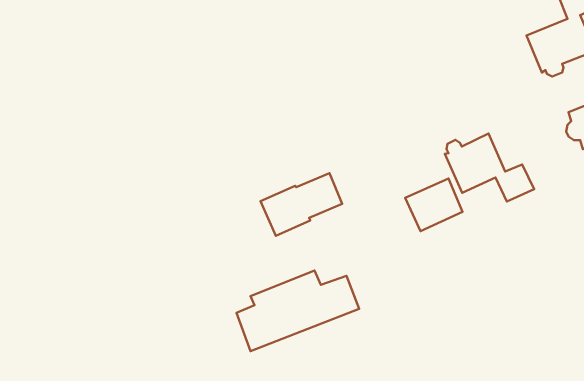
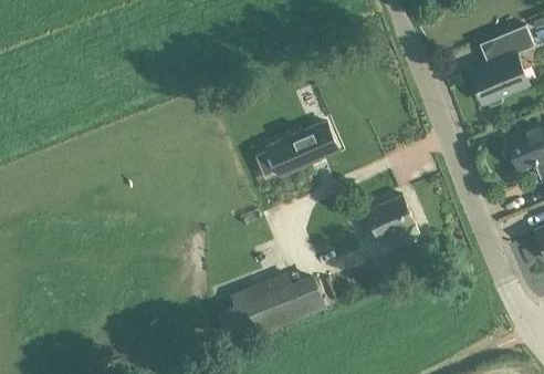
building: [445,134,534,201] -> none
building: [261,173,342,236] -> [266,123,337,177]

